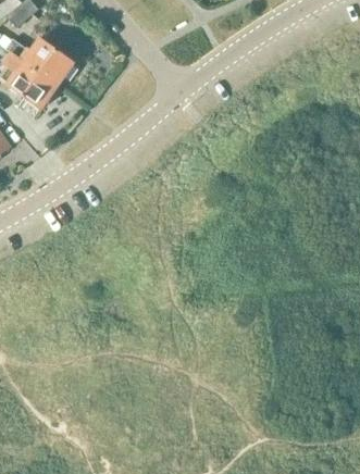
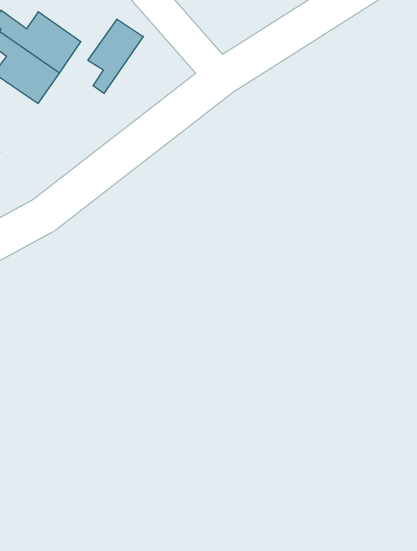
building: none -> [88,19,143,93]

